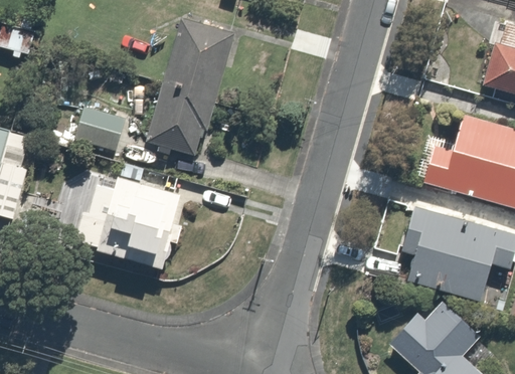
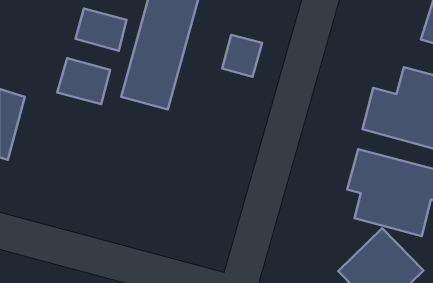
building: none -> [76,8,126,51]
building: none -> [222,35,262,77]
building: [72,178,181,268] -> none

